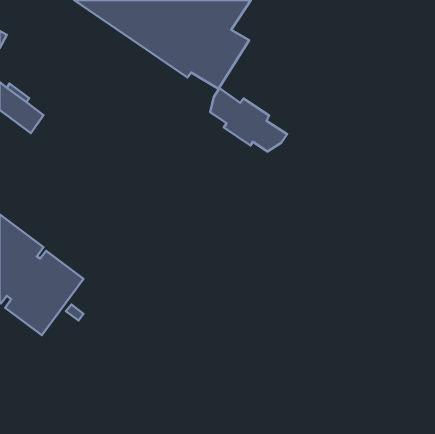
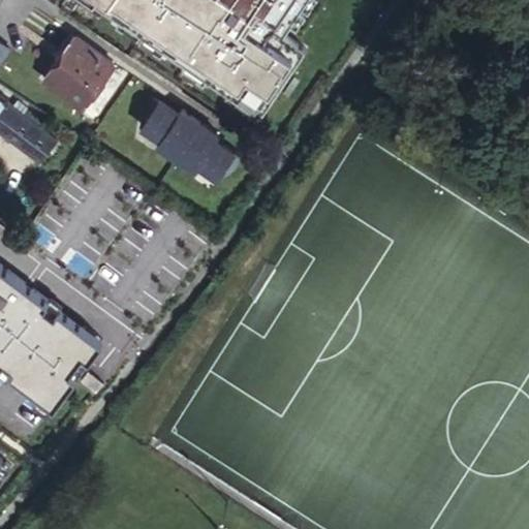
building: none -> [48,36,115,104]
building: [210,88,287,151] -> [138,99,231,176]

